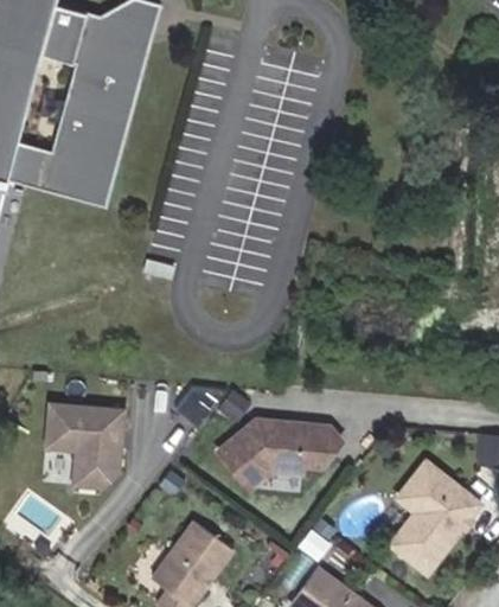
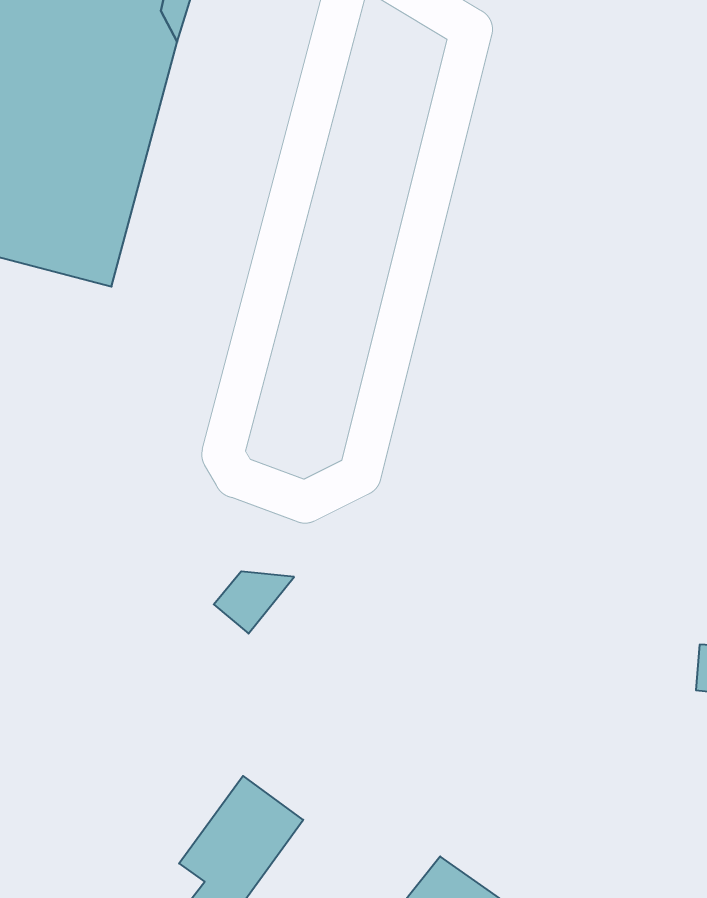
building: [41,403,123,487] -> none
building: [216,417,339,485] -> none
building: [392,465,480,574] -> none

